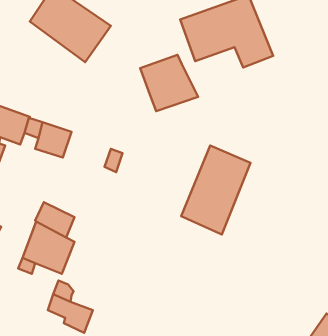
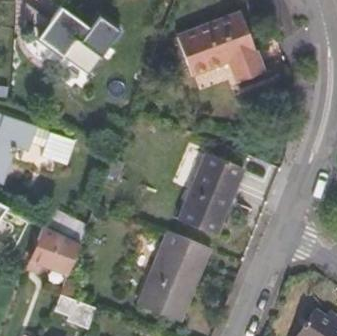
building: [140,55,198,111] -> none
building: none -> [139,230,212,320]

